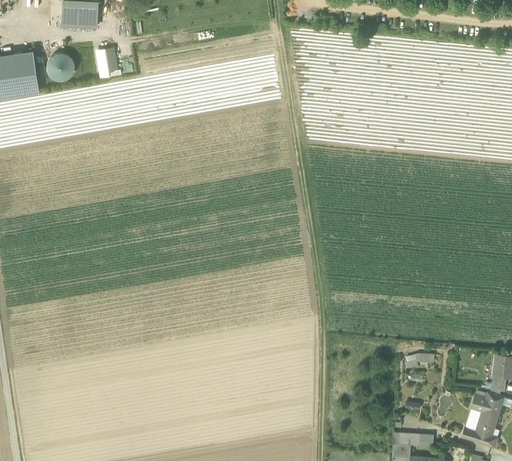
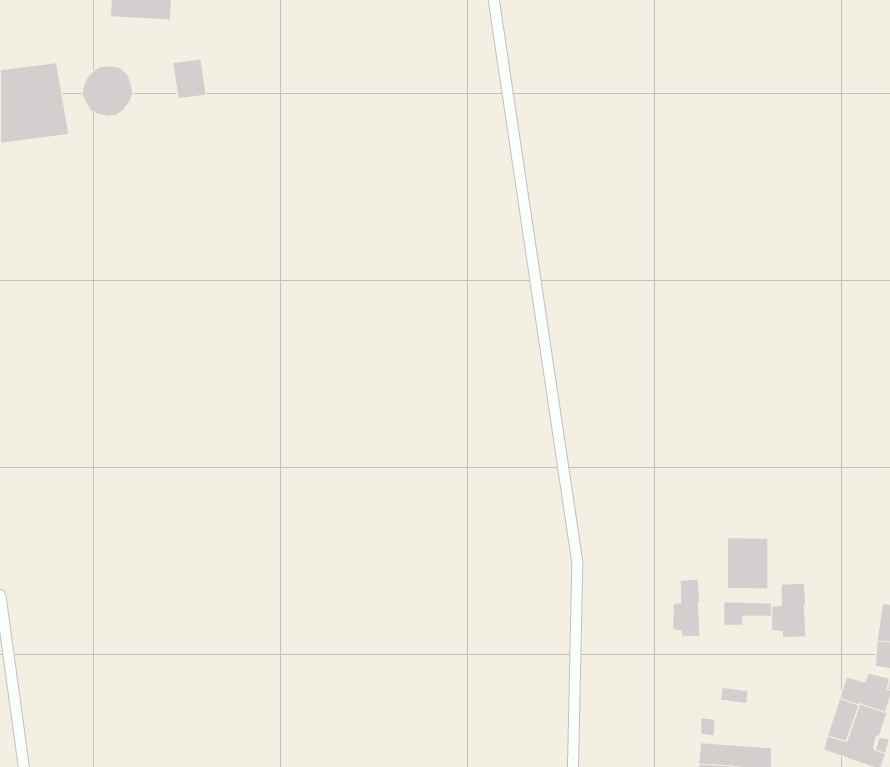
building: none -> [728,537,768,589]
building: none -> [673,579,700,638]
building: none -> [772,583,806,638]

